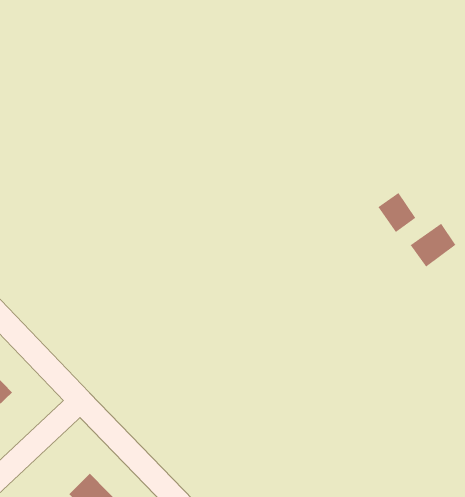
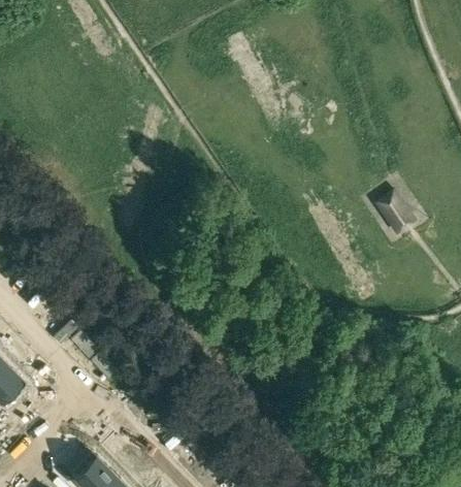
building: [410,223,456,268] -> none

